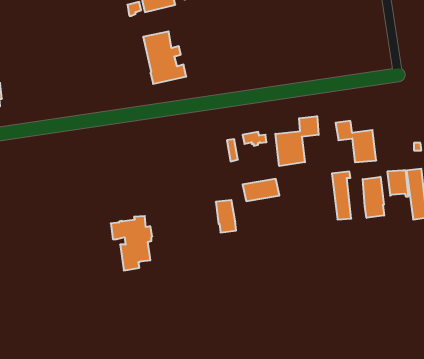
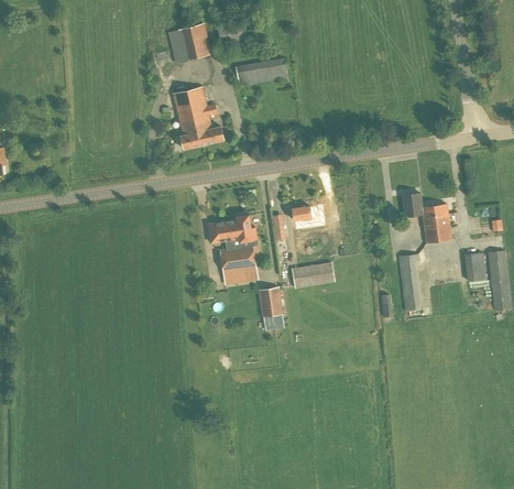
building: none -> [236,57,287,86]
building: [275,116,319,166] -> none
building: [363,177,384,218] -> none
building: [111,216,152,270] -> [208,215,258,280]

